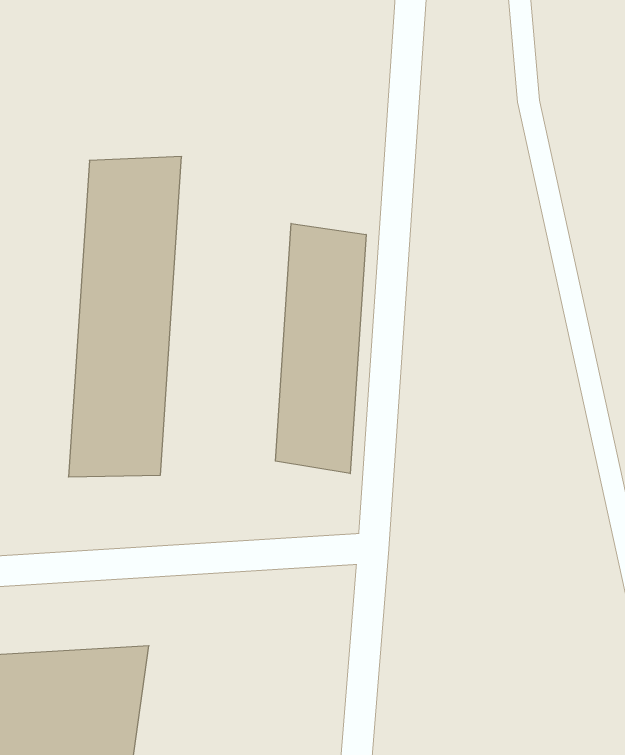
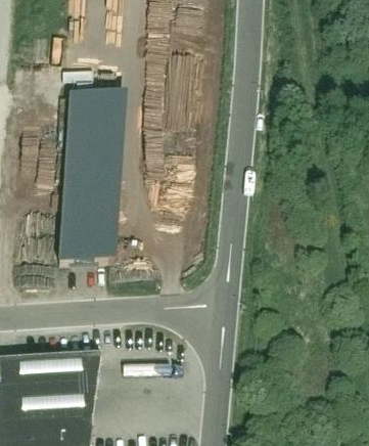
building: [275,223,366,474] -> none

